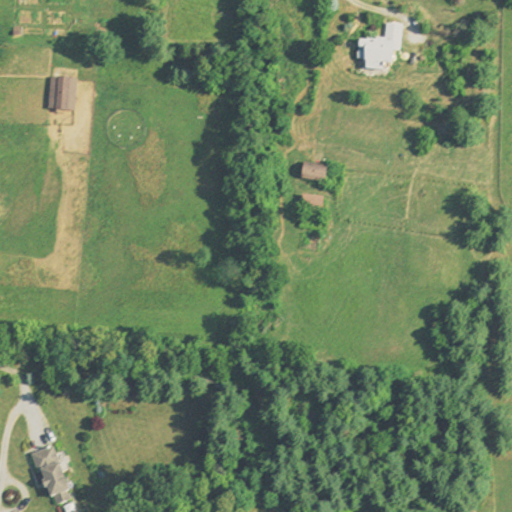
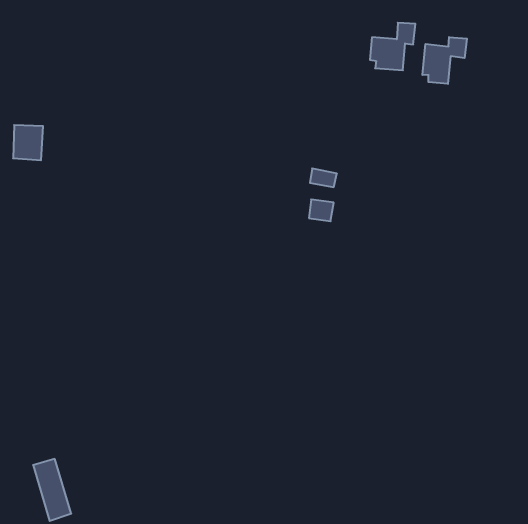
building: none -> [422,37,467,84]
building: [47,76,76,110] -> [13,125,43,160]

